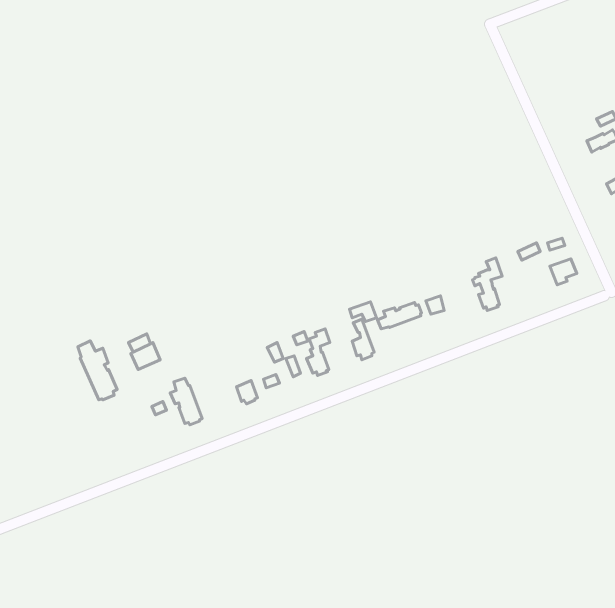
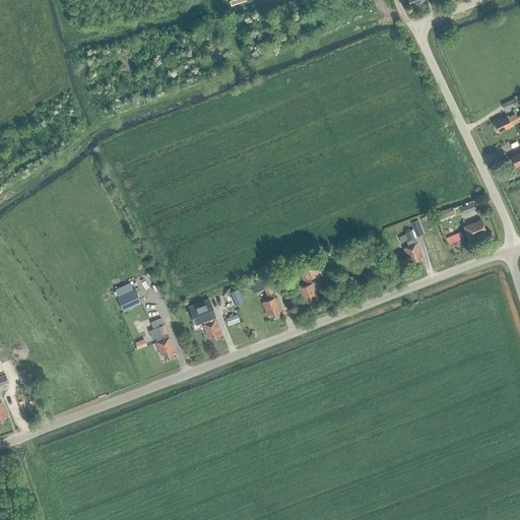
building: [378,303,421,329] -> none
building: [78,341,117,400] -> none
building: none -> [190,302,215,325]

